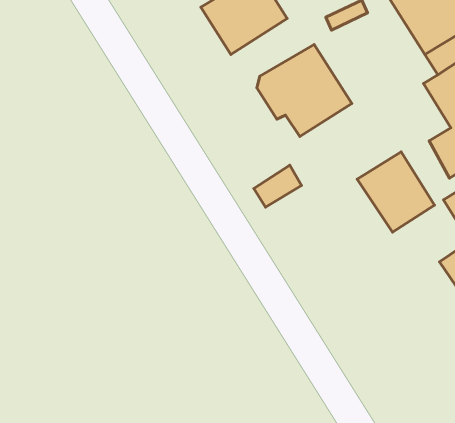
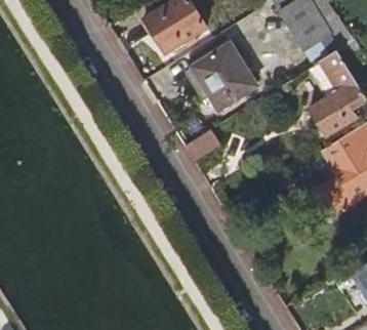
building: [357,152,434,232] -> none

